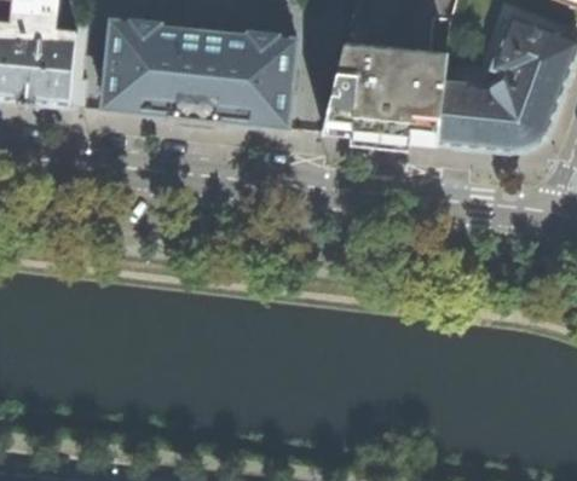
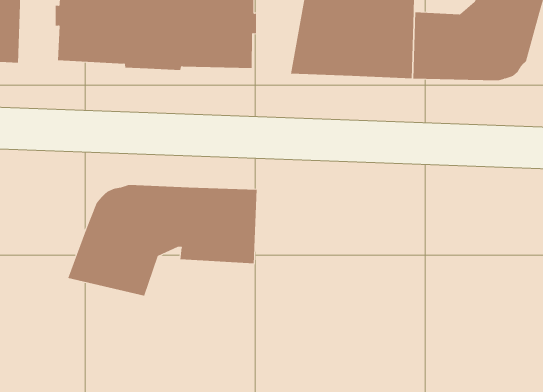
building: none -> [67,184,257,297]

